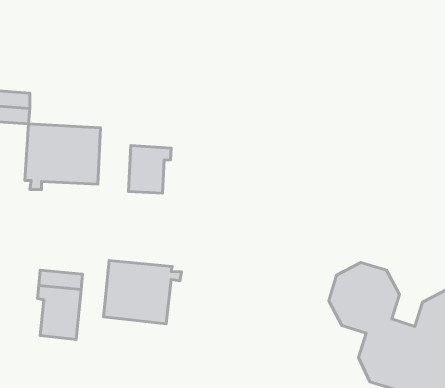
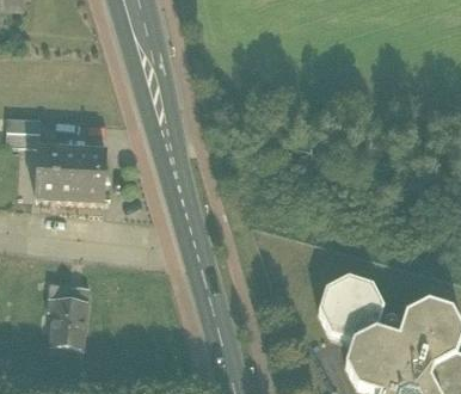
building: [128,145,171,193] -> none
building: [103,261,181,324] -> none

